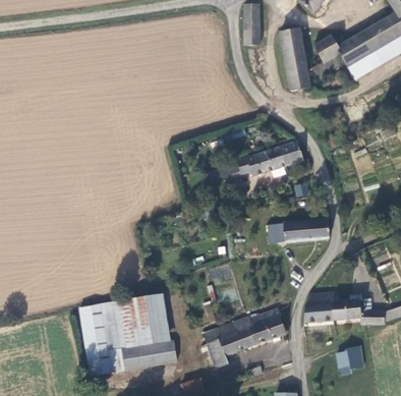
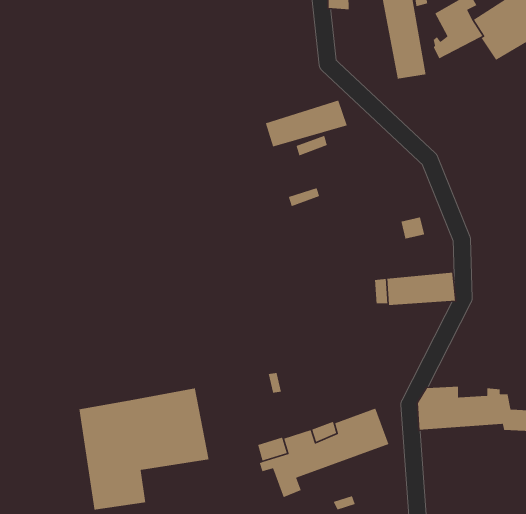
building: [247,143,302,174] -> [265,100,348,147]
building: [121,341,175,371] -> none
building: [337,348,362,370] -> none

